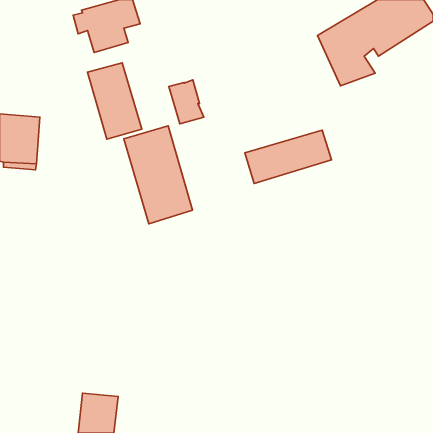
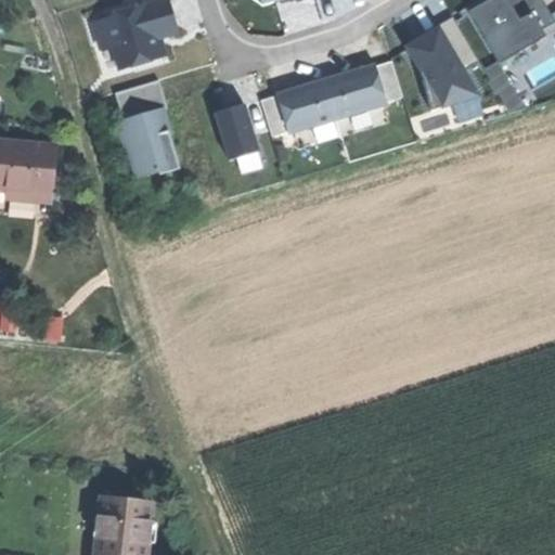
building: [124,126,192,224] -> none
building: [245,130,331,184] -> [278,63,388,131]

